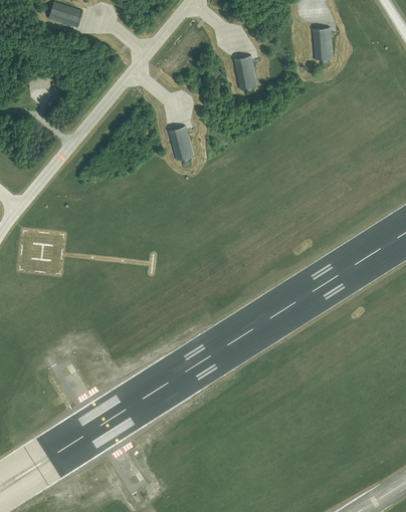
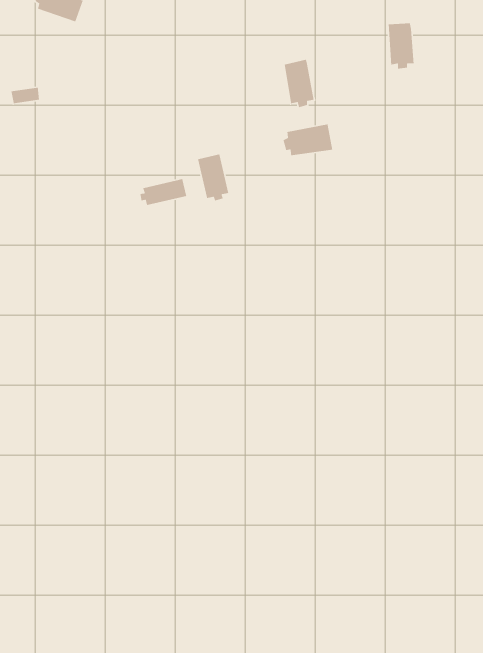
building: none -> [283,124,333,156]
building: none -> [140,178,187,206]

